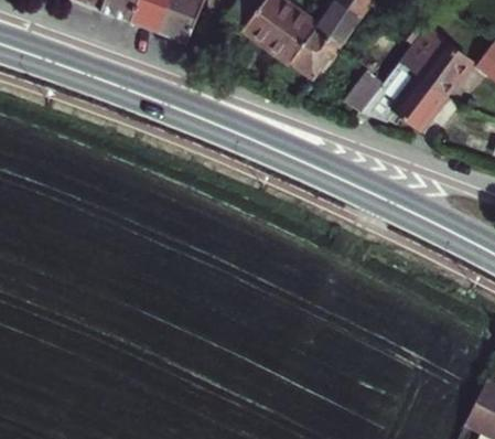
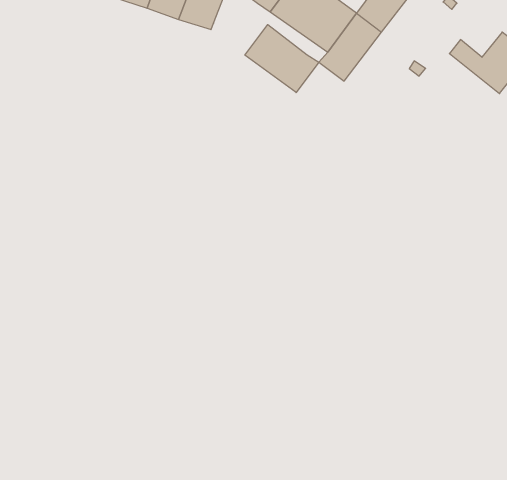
building: none -> [245,25,319,93]
building: [358,64,444,131] -> none

